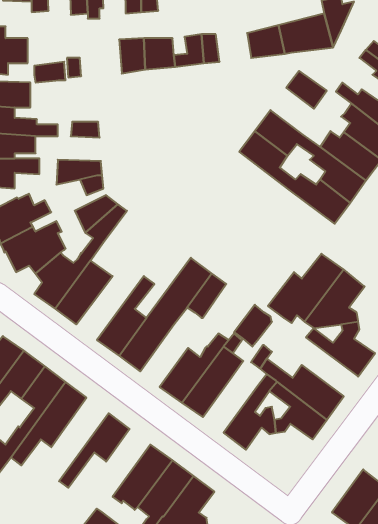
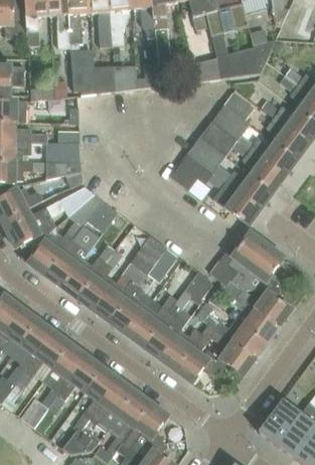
building: none -> [71,67,97,95]
building: none -> [211,105,250,141]
building: none -> [47,142,81,161]
building: none -> [170,154,261,224]
building: none -> [86,199,118,231]
building: none -> [61,245,114,299]
building: none -> [220,280,279,342]
building: none -> [111,287,148,335]
building: none -> [159,328,202,370]
building: none -> [20,343,87,428]
building: none -> [74,367,119,431]

